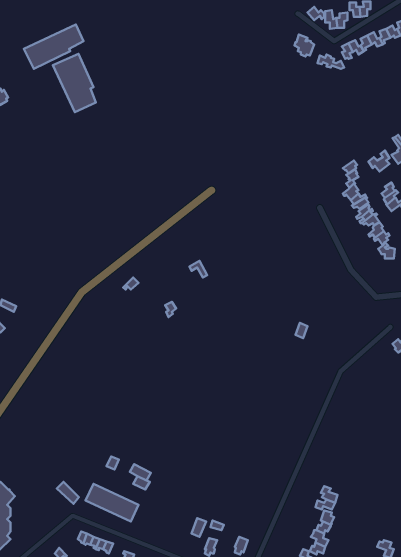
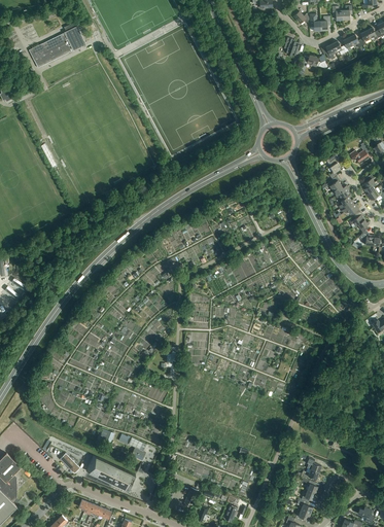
building: [53,54,96,112] -> none

